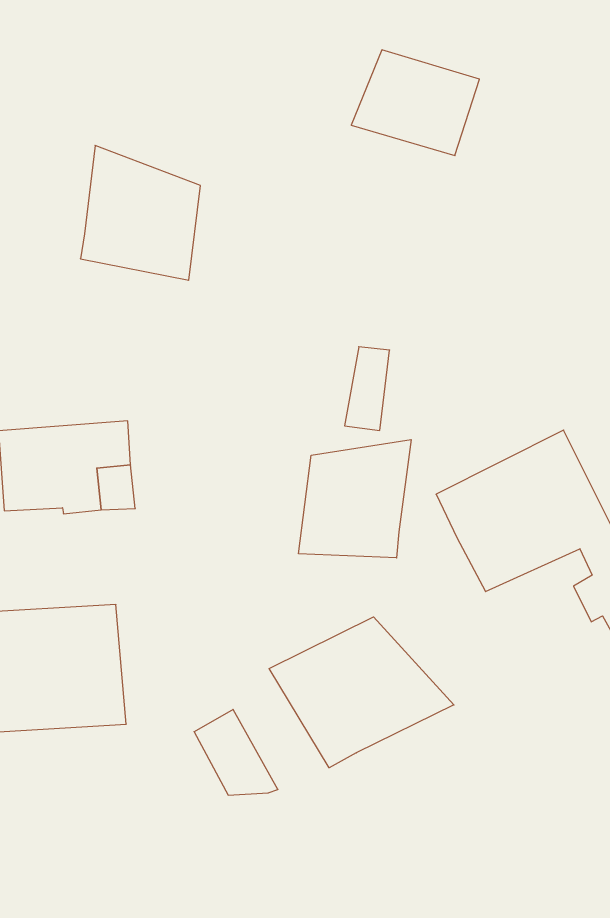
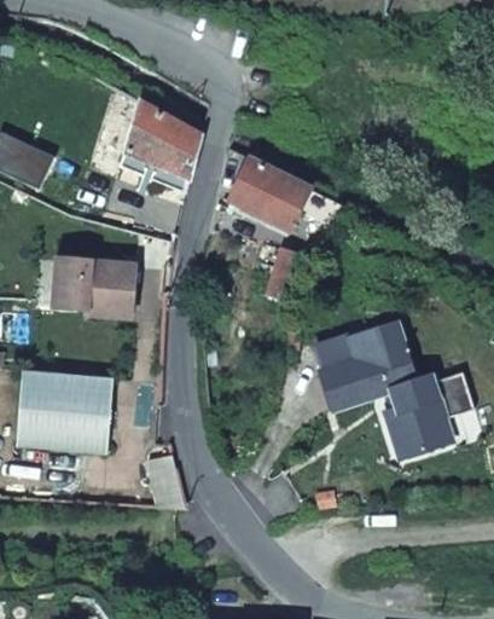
building: [351,50,479,156] -> [229,160,310,230]
building: [299,440,411,558] -> none
building: [269,617,454,768] -> none

